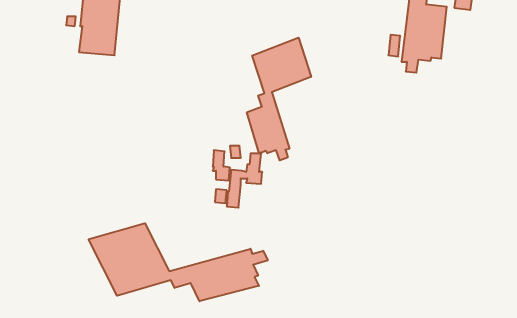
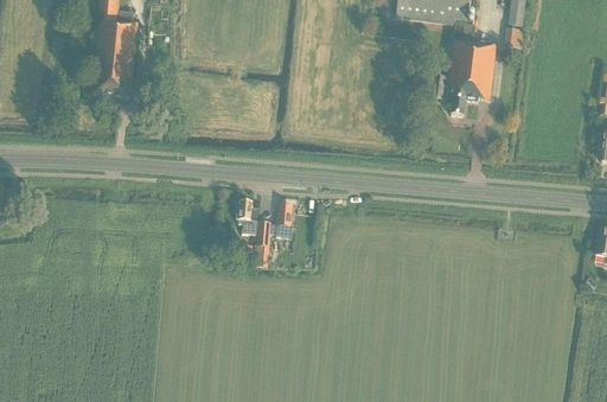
building: [247,38,311,160] -> none
building: [89,223,268,301] -> none

